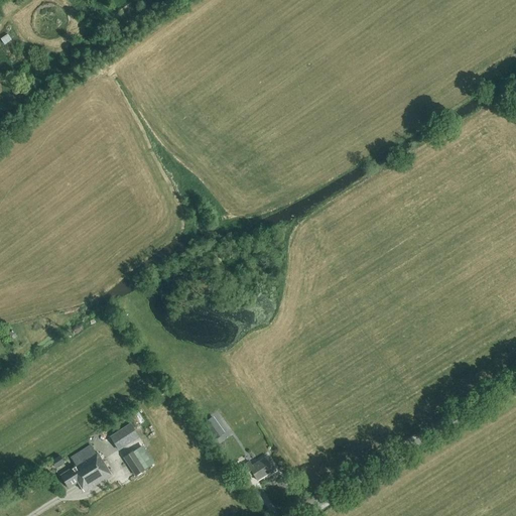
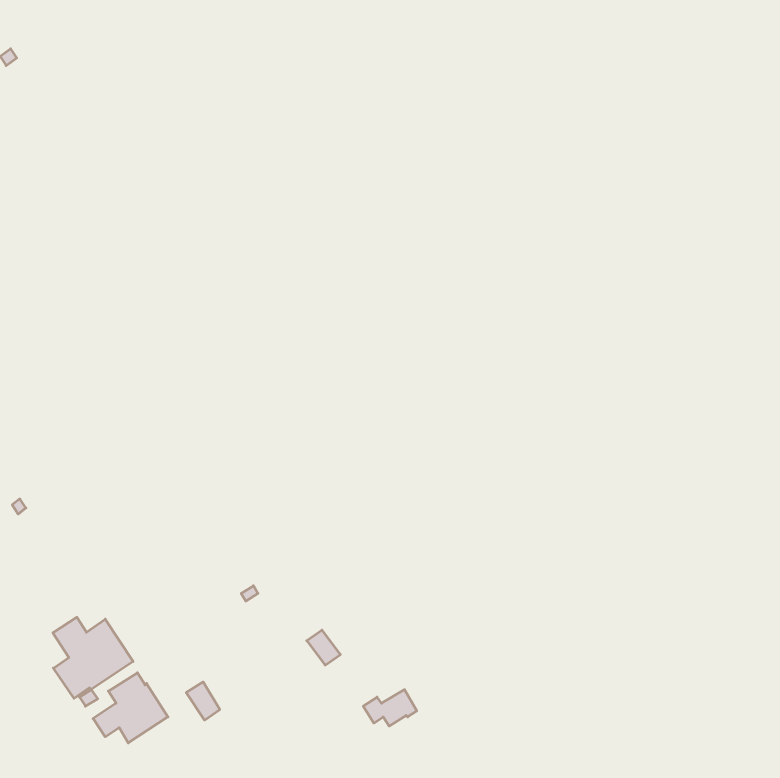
building: none -> [53,617,133,698]
building: [111,423,140,450] -> none

